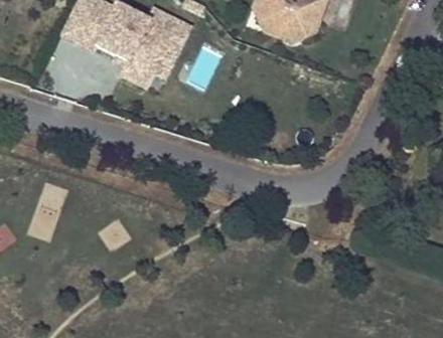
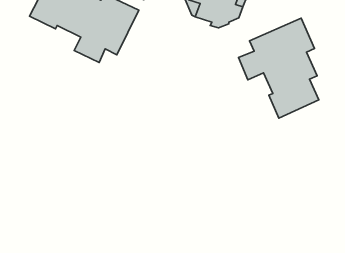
building: none -> [239,18,319,118]

